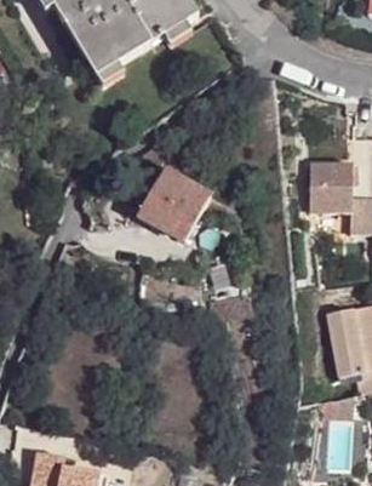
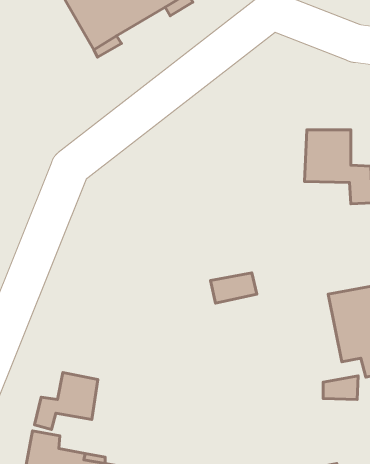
building: [137,171,210,241] -> none
building: none -> [35,372,98,429]

